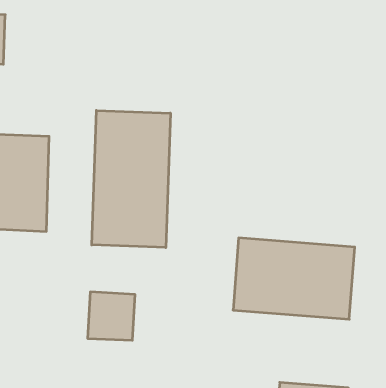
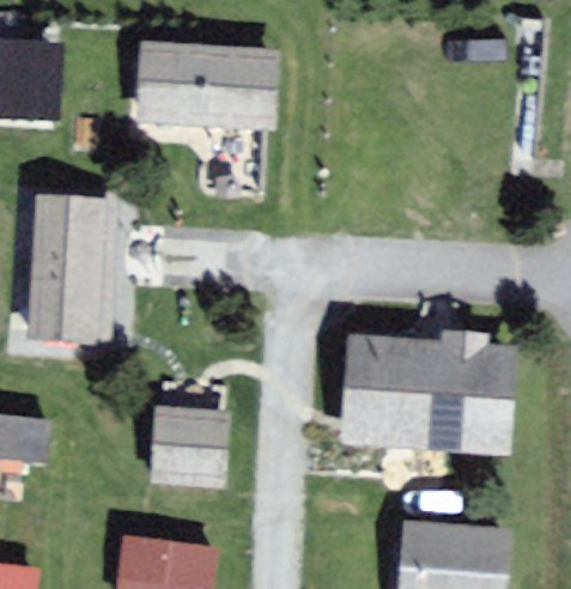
building: none -> [140,47,265,121]
building: [92,110,170,248] -> none

